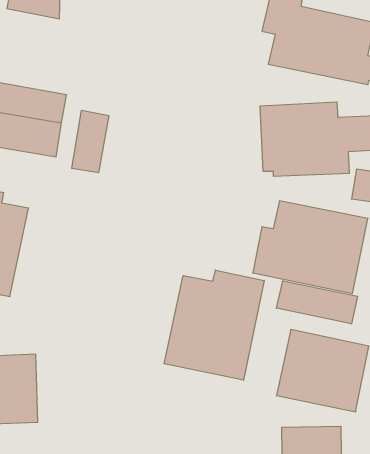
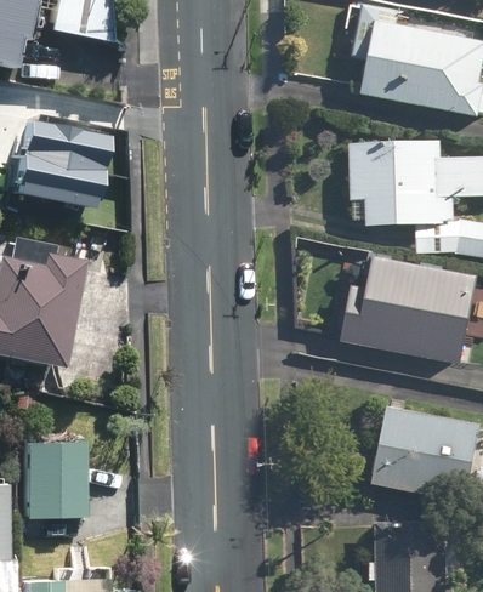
building: [72,110,109,173] -> none
building: [164,270,264,380] -> none
building: [277,281,358,324] -> none

